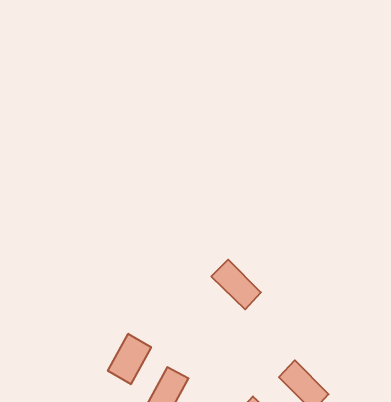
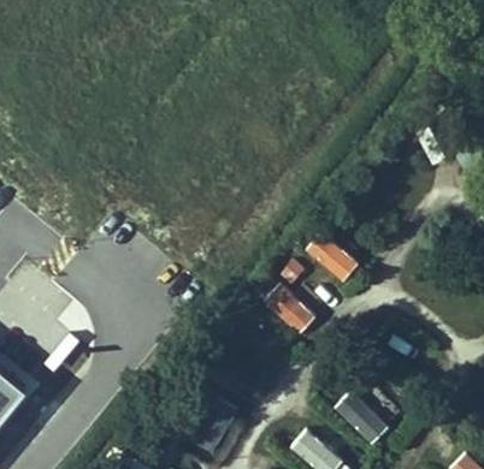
building: none -> [305,231,359,283]
building: [108,334,151,384] -> none

